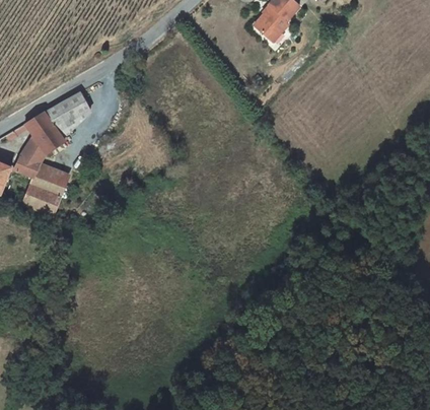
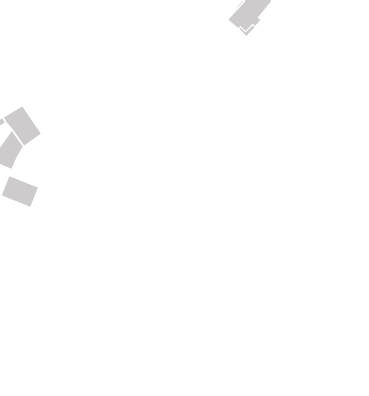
building: [45,91,91,130] -> none
building: [30,165,68,195] -> none

